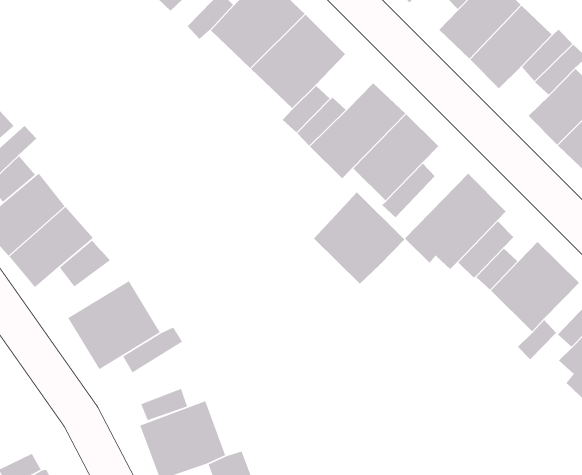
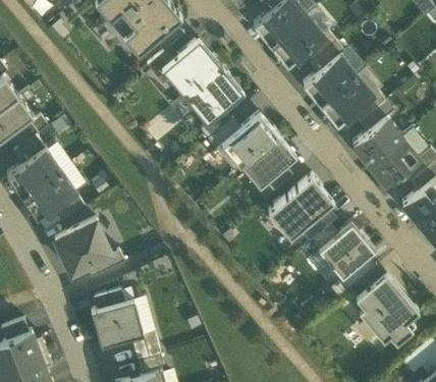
building: [313,192,405,285] -> none

